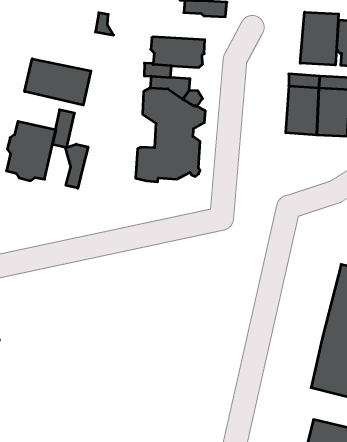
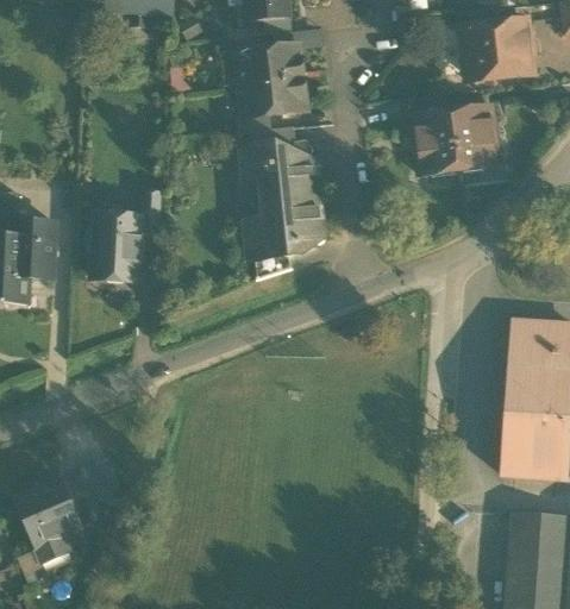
building: none -> [239,46,305,84]
building: [300,12,339,65] -> none
building: [25,59,91,105] -> none
building: [65,144,88,188] -> none

